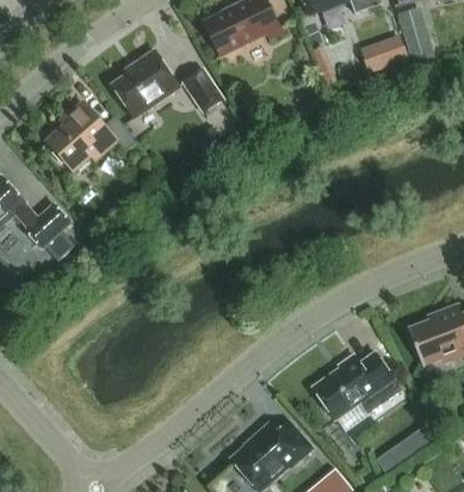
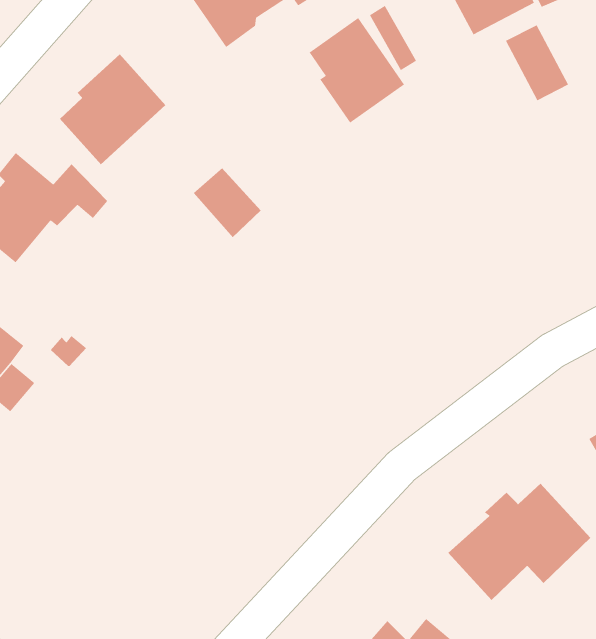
building: none -> [309,17,405,124]
building: [184,69,224,113] -> [193,168,262,238]
building: none -> [505,24,569,101]

